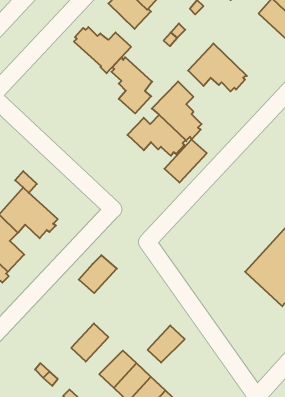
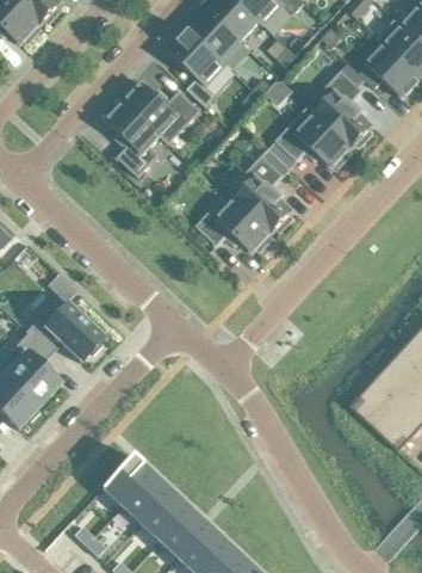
building: none -> [310,69,374,147]
building: [111,57,152,113] -> [108,101,162,175]
building: [164,139,207,183] -> none
building: [79,255,117,293] -> [103,455,153,505]
building: [148,325,185,363] -> [142,491,191,540]

